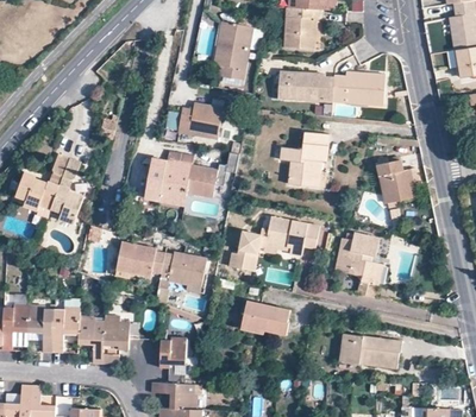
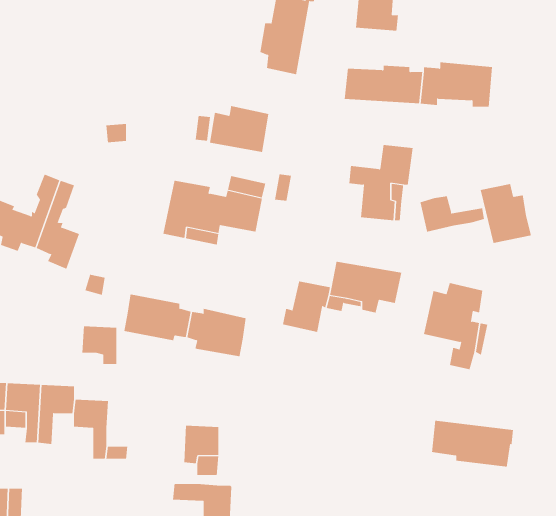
building: none -> [420,195,484,233]
building: [240,301,289,335] -> none
building: [102,320,129,348] -> [82,326,117,365]

